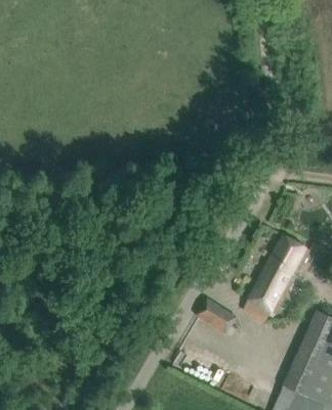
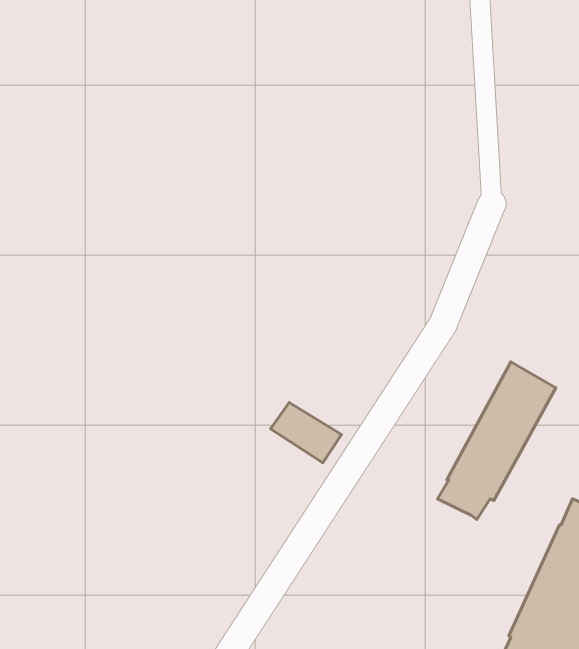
building: [195,301,234,333] -> [270,403,342,463]

